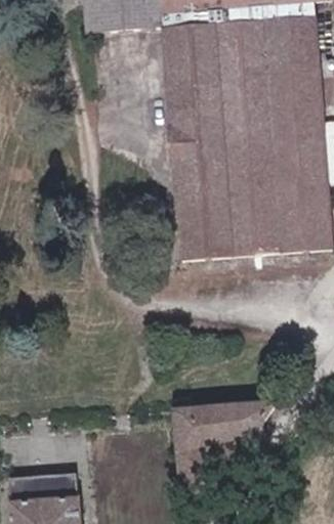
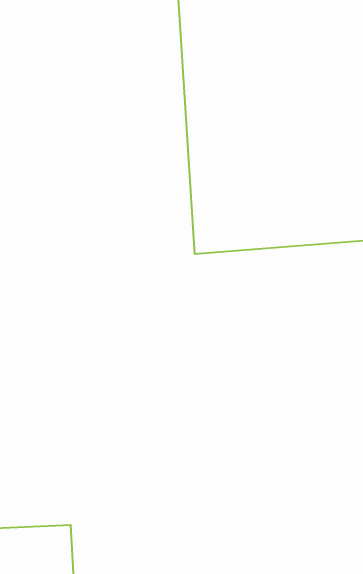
building: [173,400,276,493] -> none

